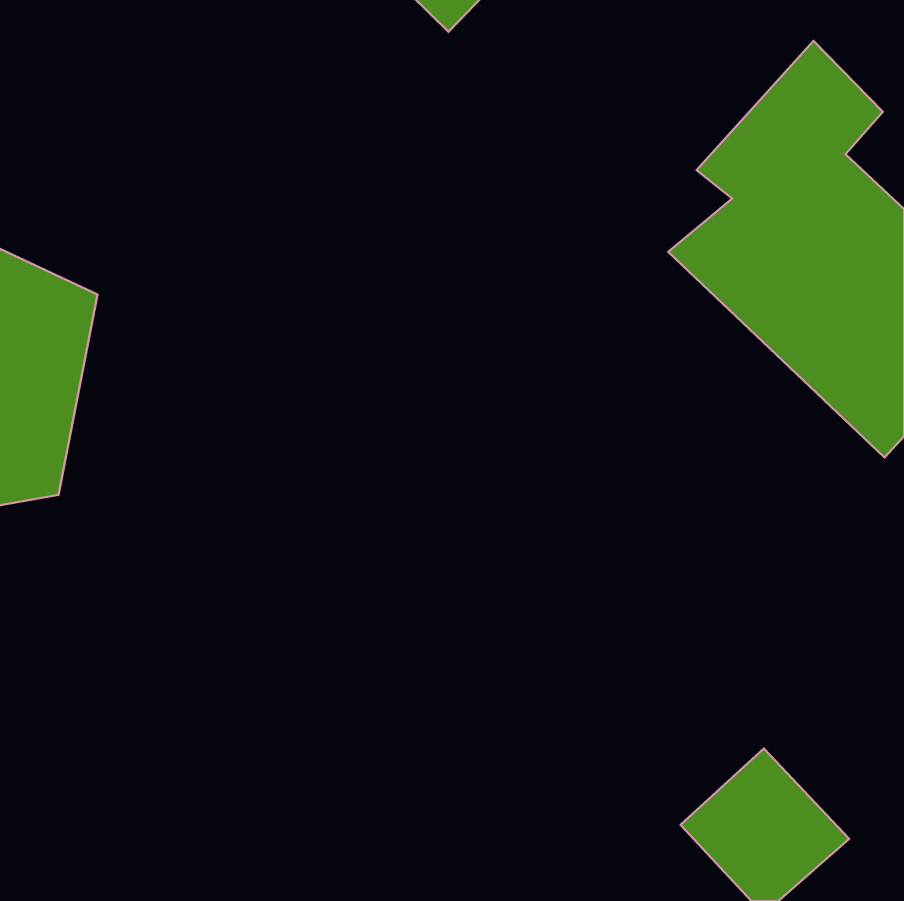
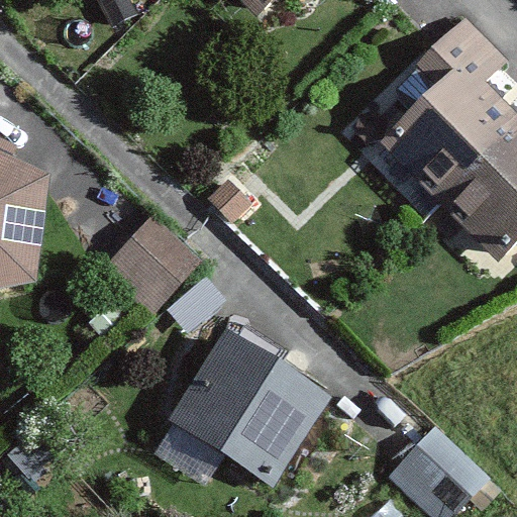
building: none -> [106,217,194,306]
building: none -> [170,329,331,485]

